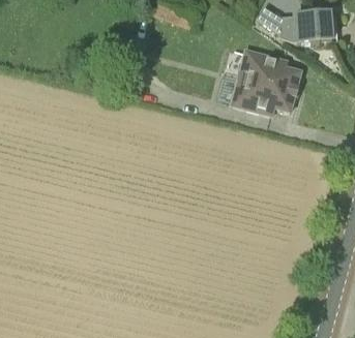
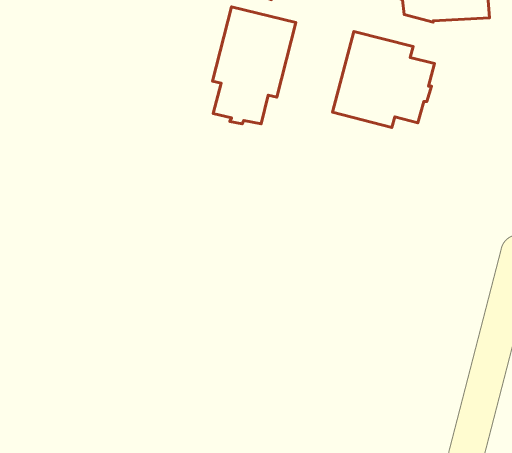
building: none -> [212,7,296,124]

